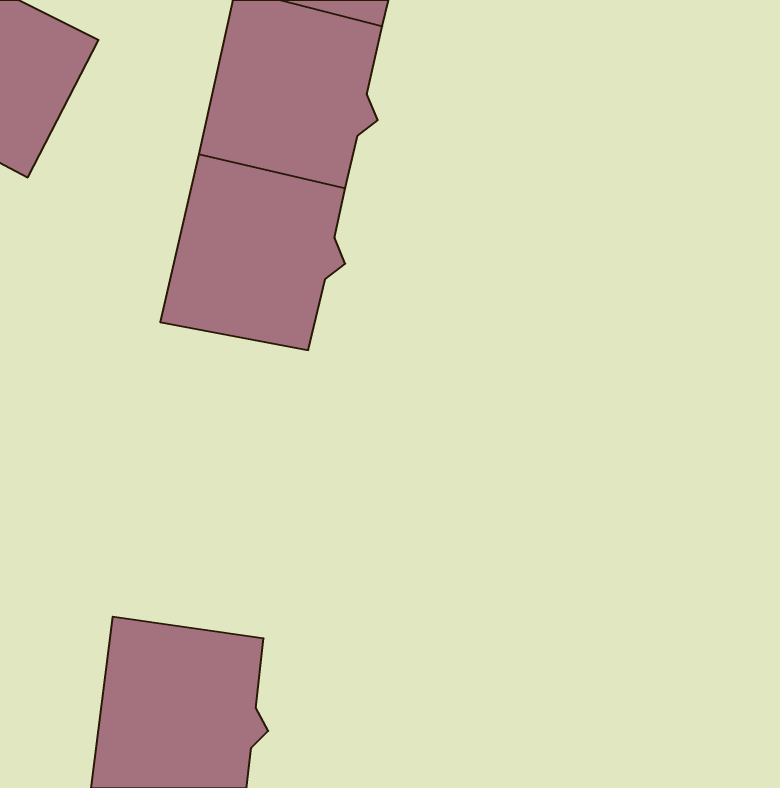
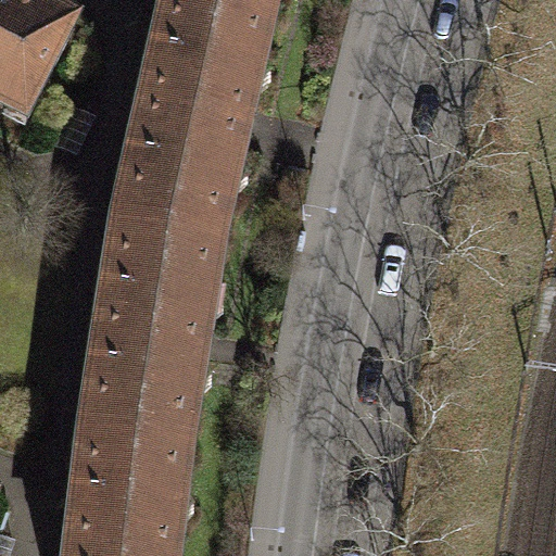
building: none -> [79,227,218,450]

